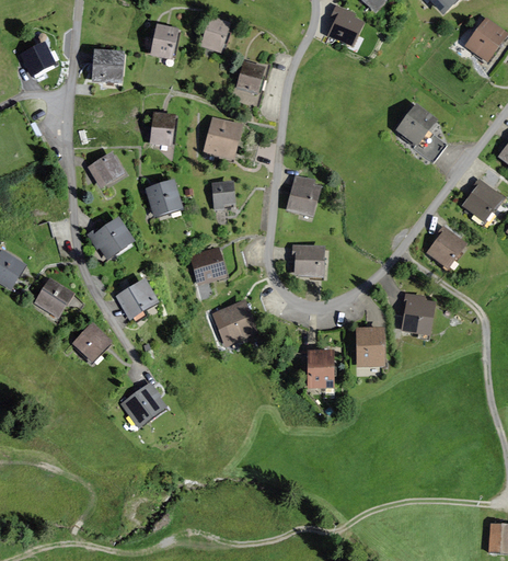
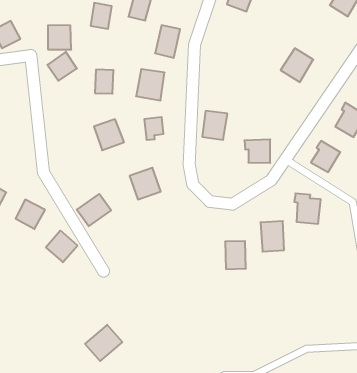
building: [86,151,125,188] -> [47,52,77,81]
building: [85,216,136,262] -> none
building: [291,244,325,276] -> [244,139,270,163]
building: [218,299,257,341] -> none
building: [120,380,170,427] -> [85,325,122,361]

